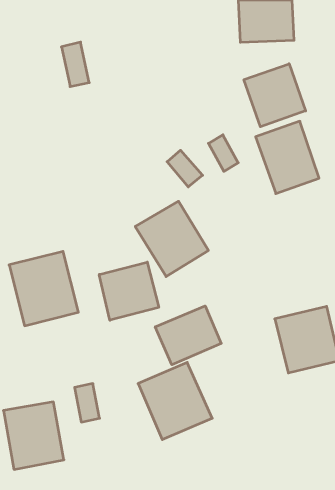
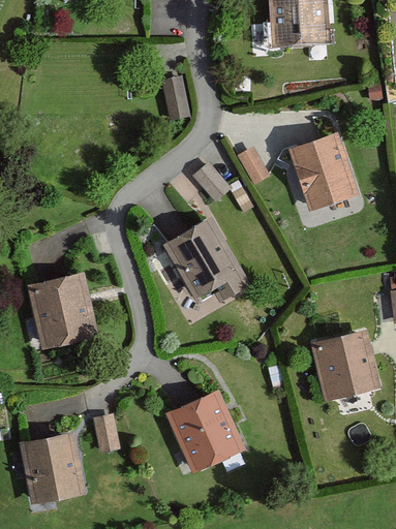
building: [61,42,89,87] -> [162,73,192,121]
building: [244,64,306,127] -> none
building: [99,262,159,320] -> none
building: [155,306,221,365] -> none

